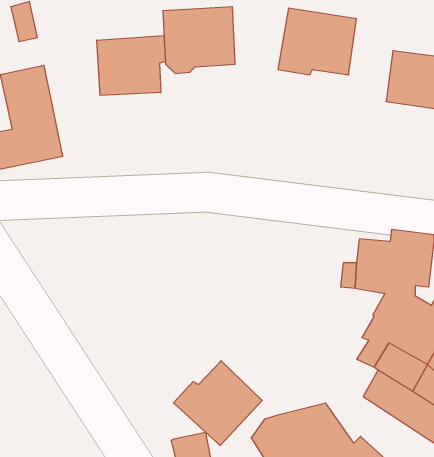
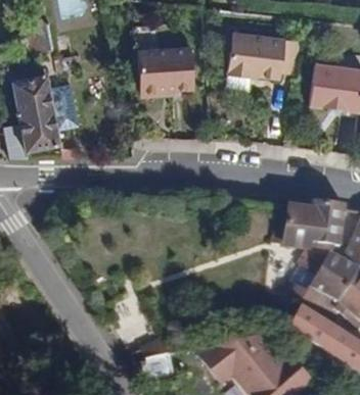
building: [97,35,166,95] -> none
building: [173,361,262,445] -> none

